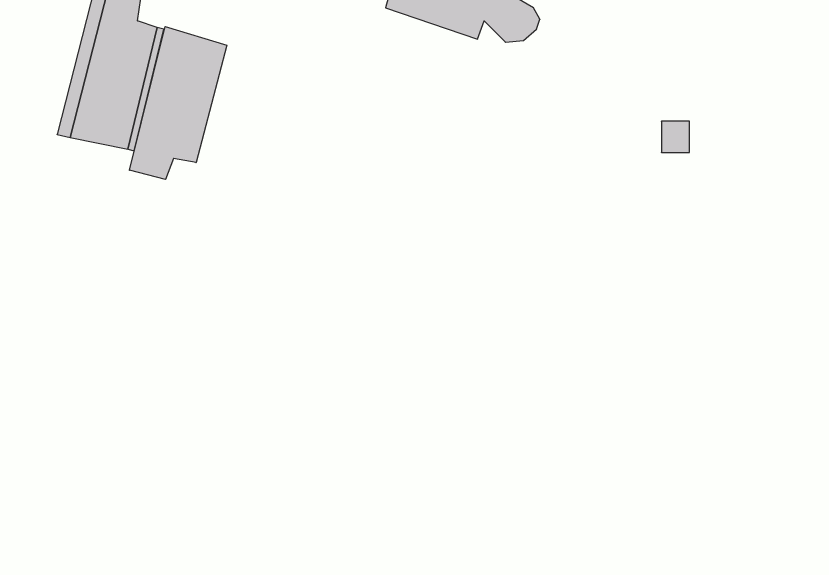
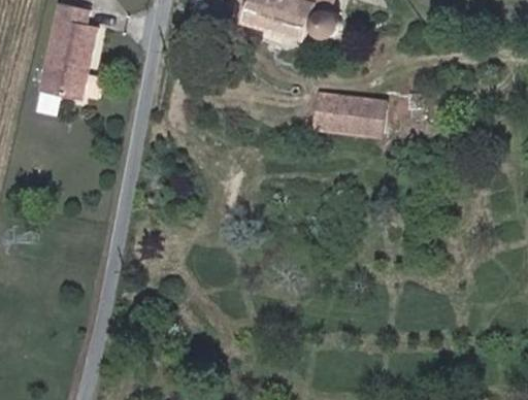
building: [129,27,227,179] -> none
building: none -> [318,99,378,135]

